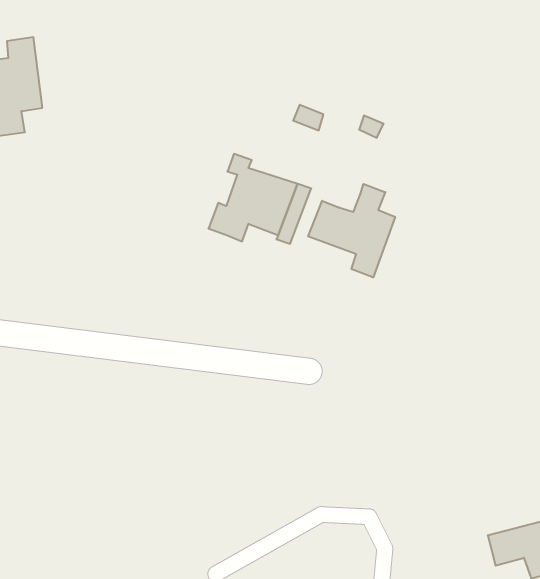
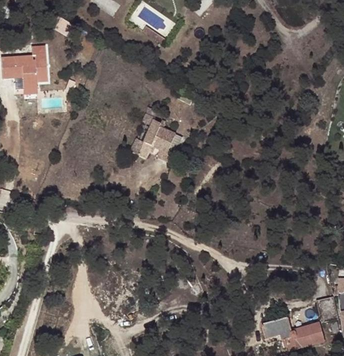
building: [308,184,395,277] -> none

